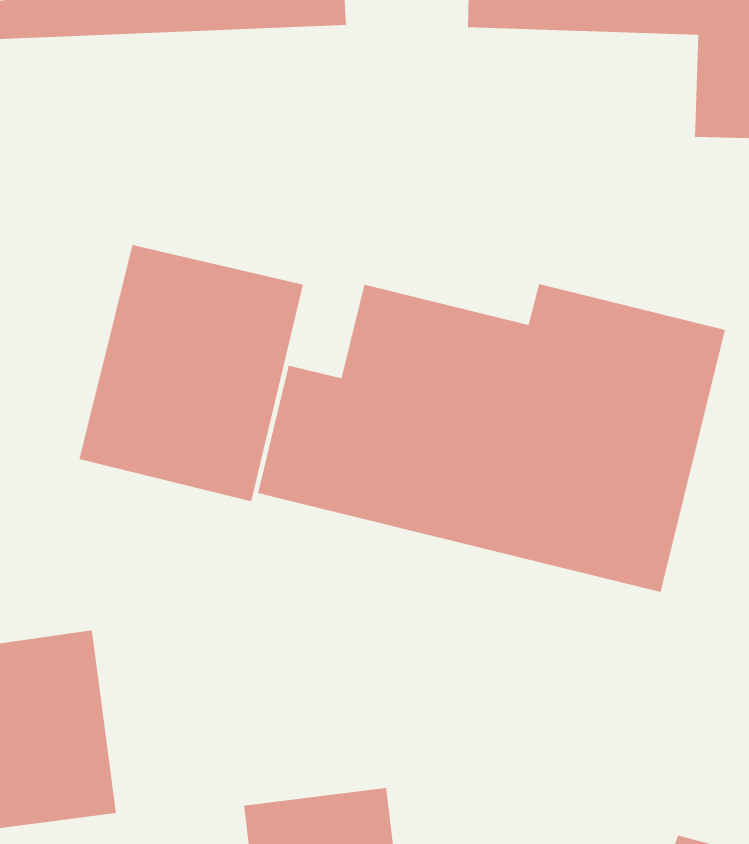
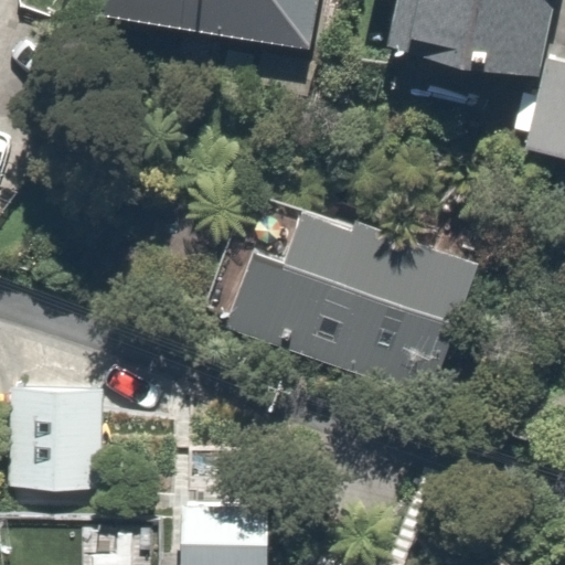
building: [79,244,304,502] -> none

